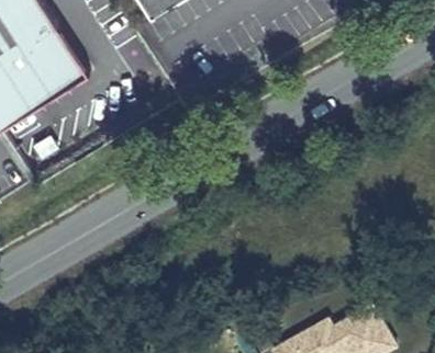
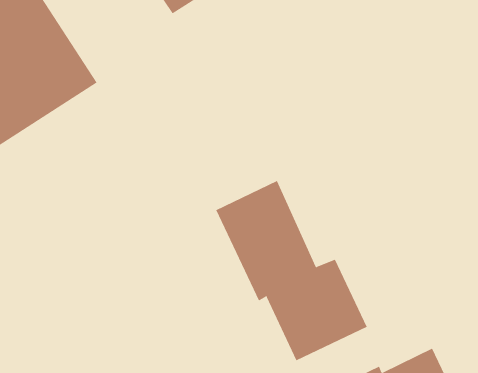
building: none -> [216,180,368,361]

